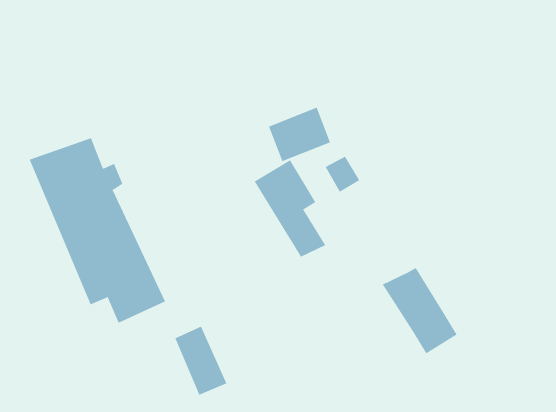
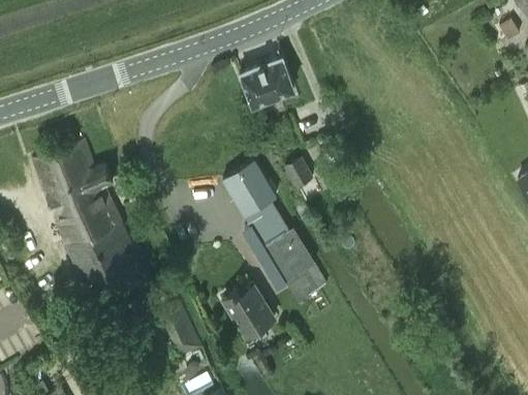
building: [268,107,331,162] -> [241,56,293,102]
building: [382,267,458,354] -> [262,230,327,303]
building: none -> [224,288,276,337]

